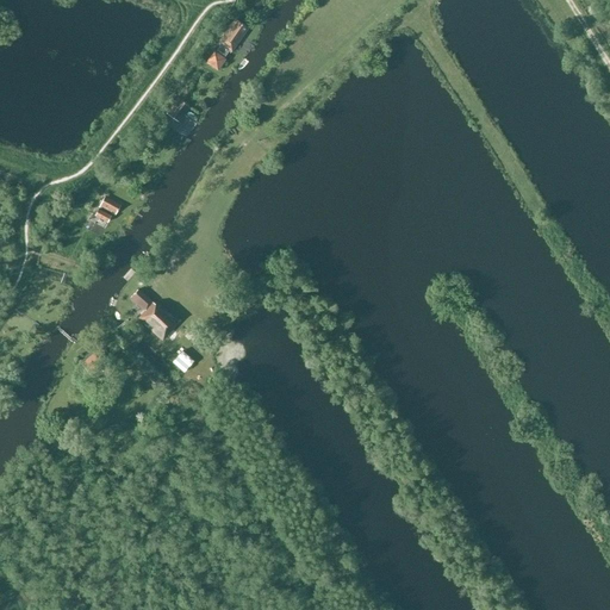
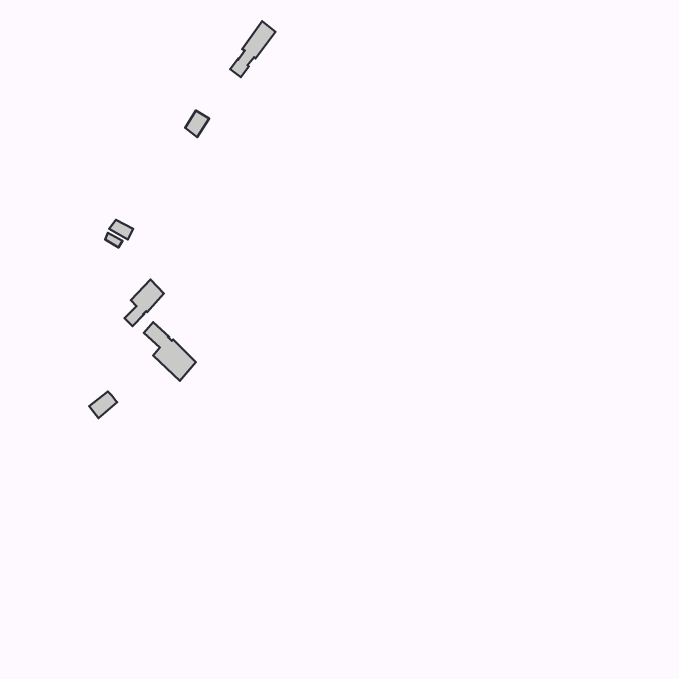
building: none -> [125,279,164,326]

